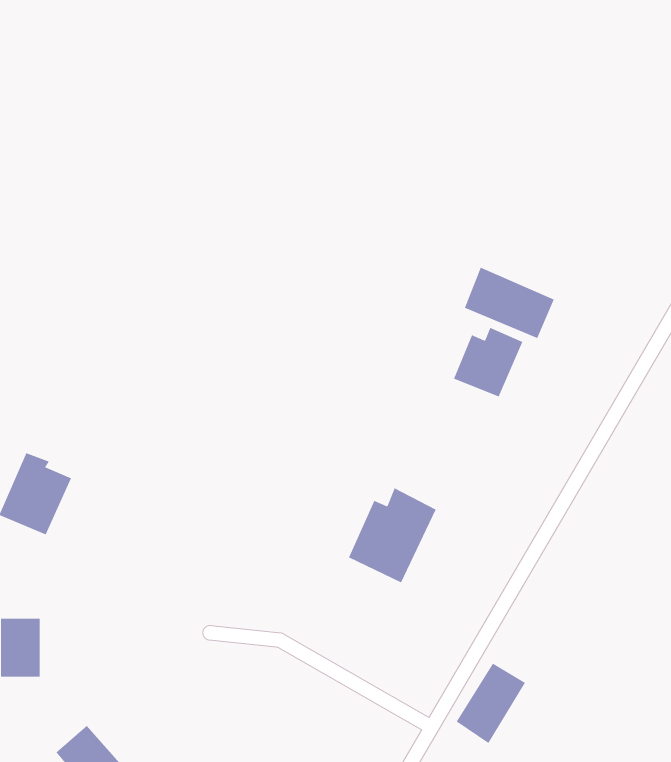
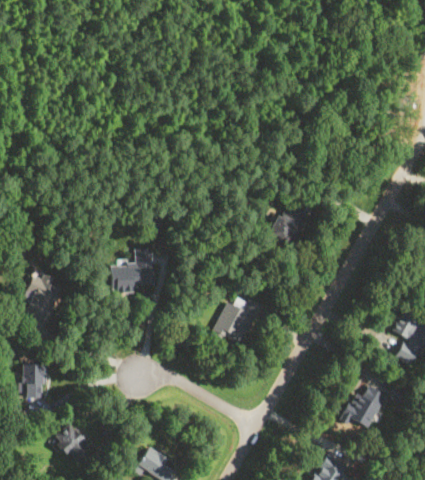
building: [464,267,555,339] -> none
building: none -> [110,248,155,289]
building: [456,663,526,744] -> [344,385,382,429]

